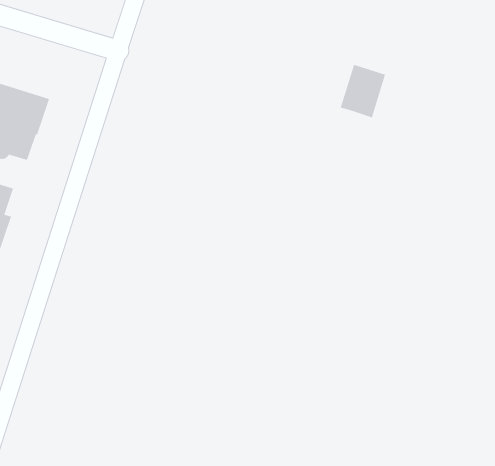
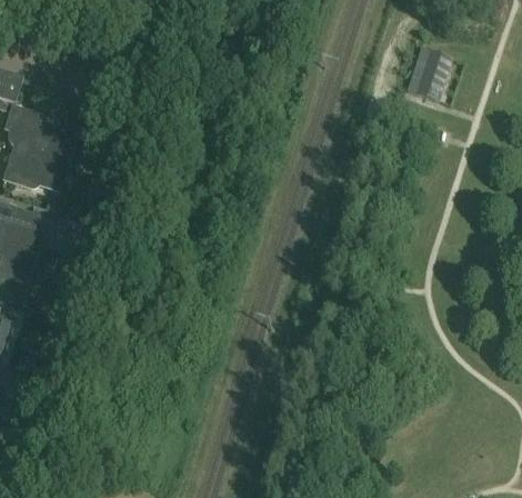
building: [340,64,386,118] -> [406,47,452,100]

